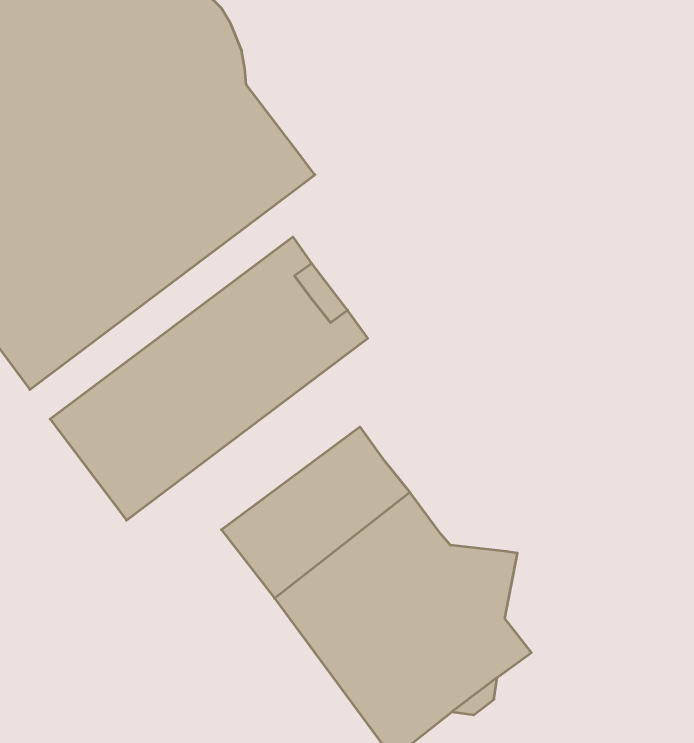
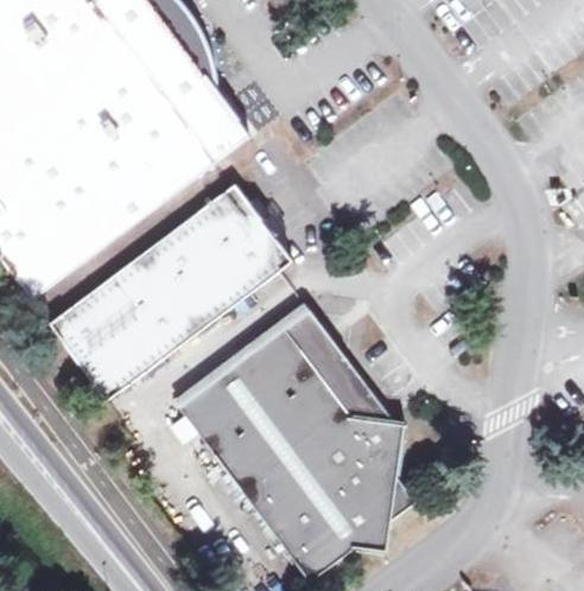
building: none -> [285,309,396,422]

